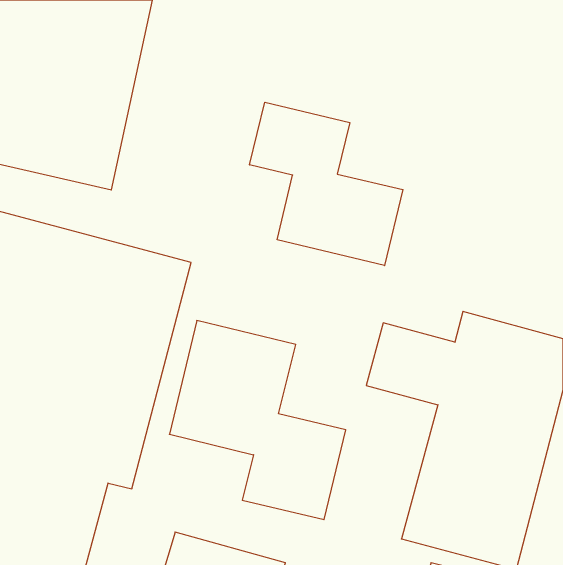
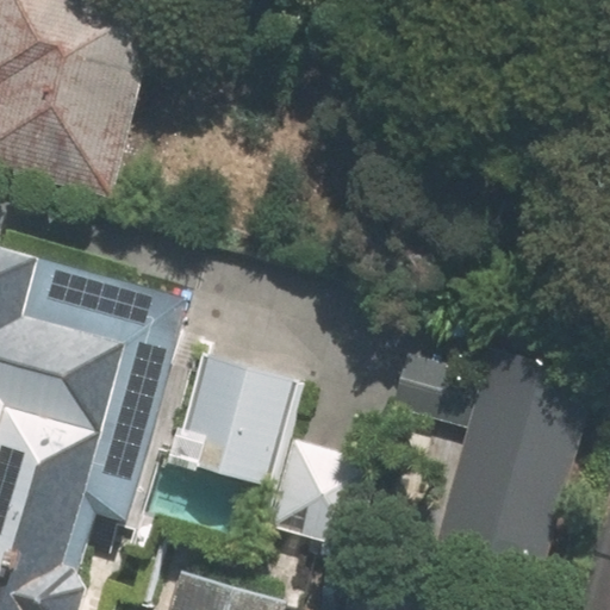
building: [250,102,403,266] -> none

